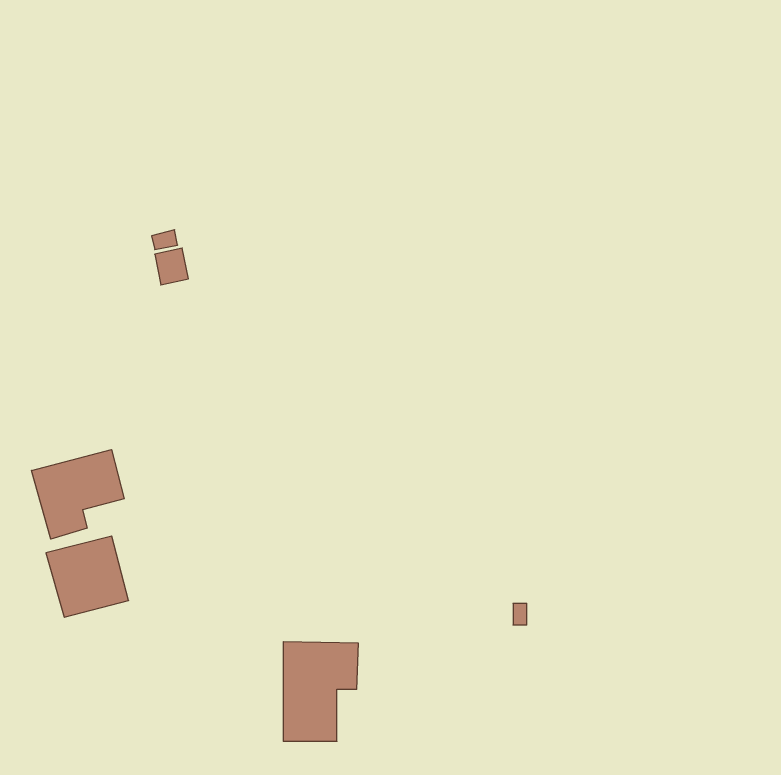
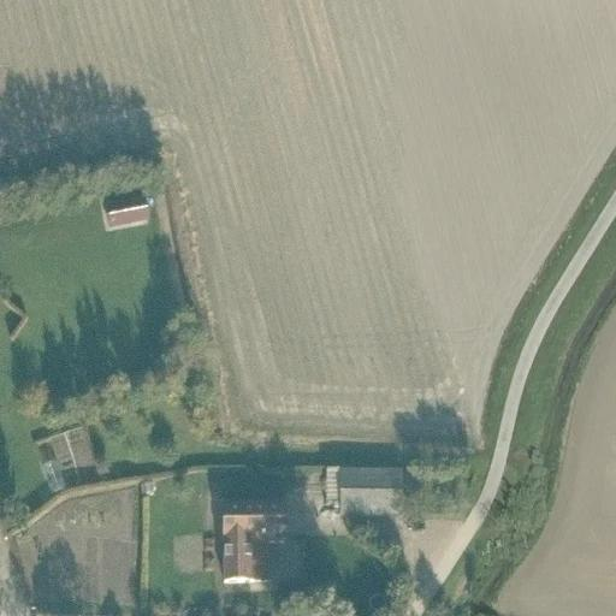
building: [32,450,124,539] -> none
building: none -> [339,469,398,511]

